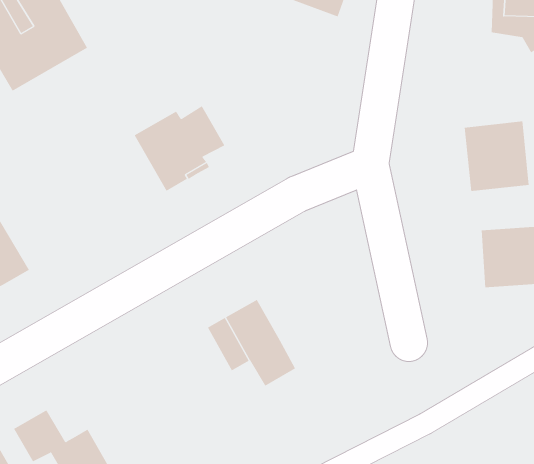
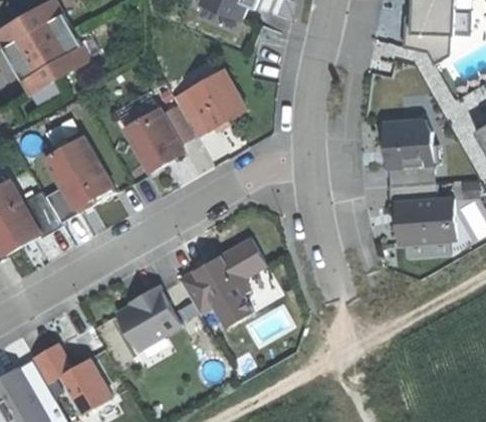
building: none -> [173,69,245,137]
building: none -> [42,136,114,223]
building: none -> [220,239,264,288]
building: none -> [113,287,181,354]

